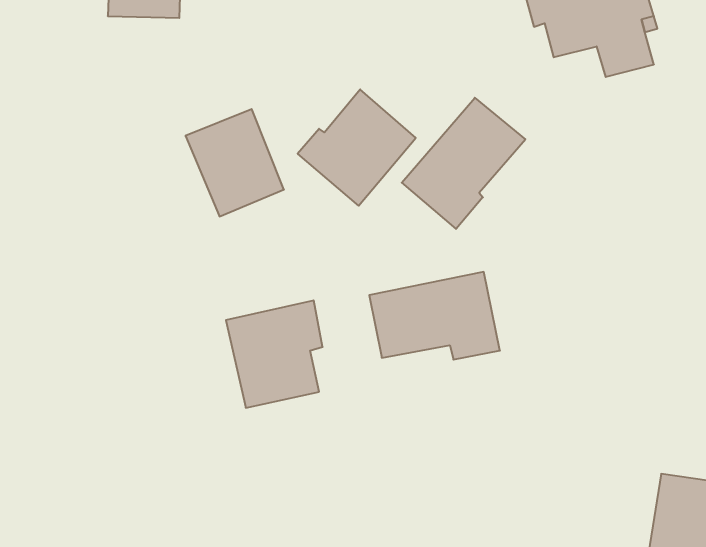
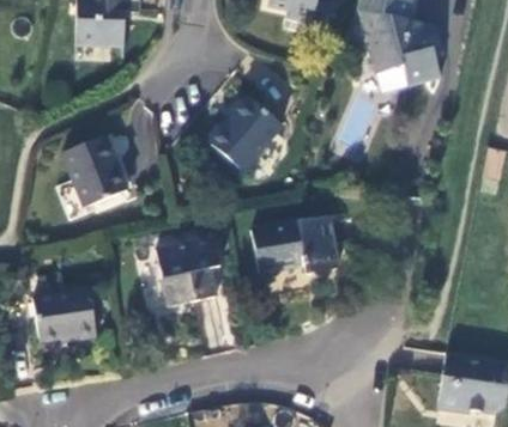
building: [402,98,525,229] -> none
building: [185,109,284,216] -> [61,135,127,207]
building: none -> [32,288,96,342]

